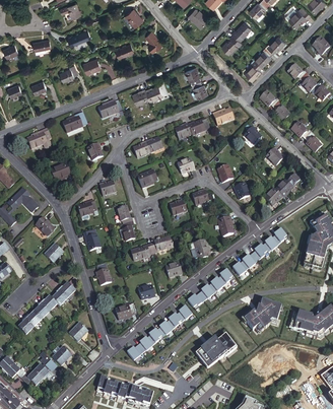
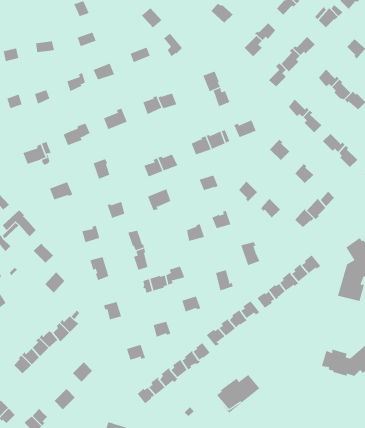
building: [243,297,280,331] -> none

